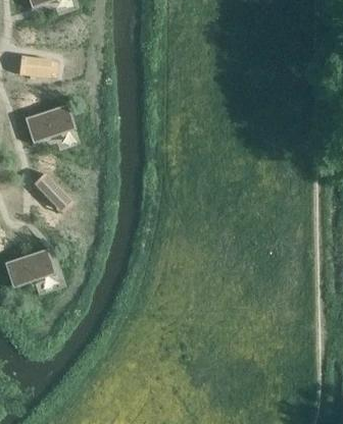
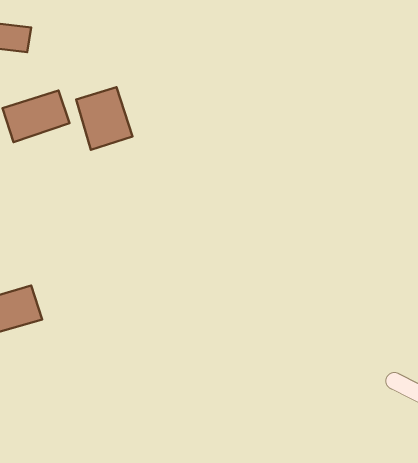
building: none -> [76,87,133,150]
building: [34,171,68,207] -> none

